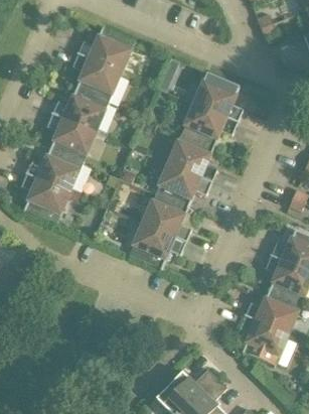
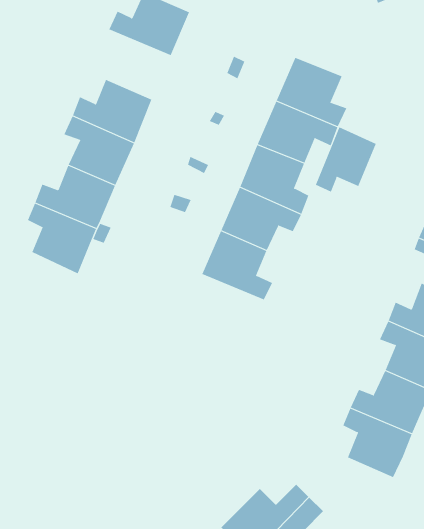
building: [72,53,121,102] -> none
building: none -> [315,126,376,193]
building: [129,223,185,267] -> none

